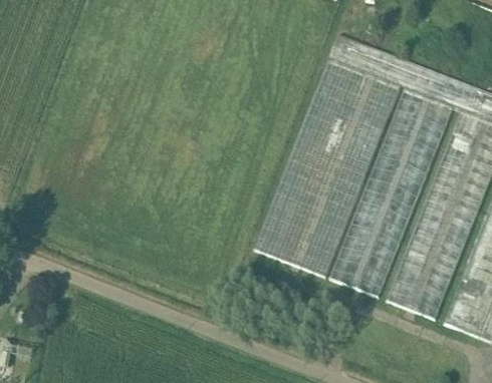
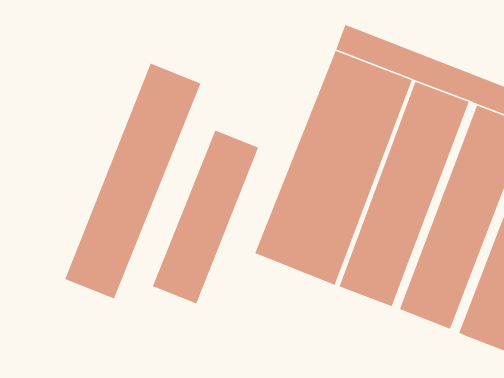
building: none -> [64,63,201,299]
building: none -> [152,130,259,304]

